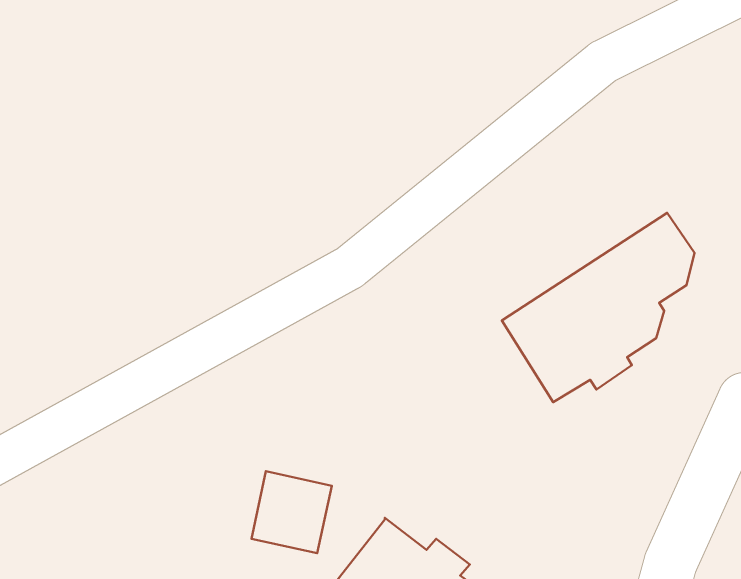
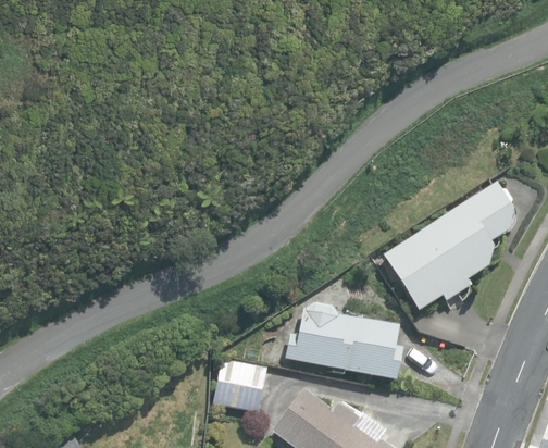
building: none -> [285,301,401,379]

